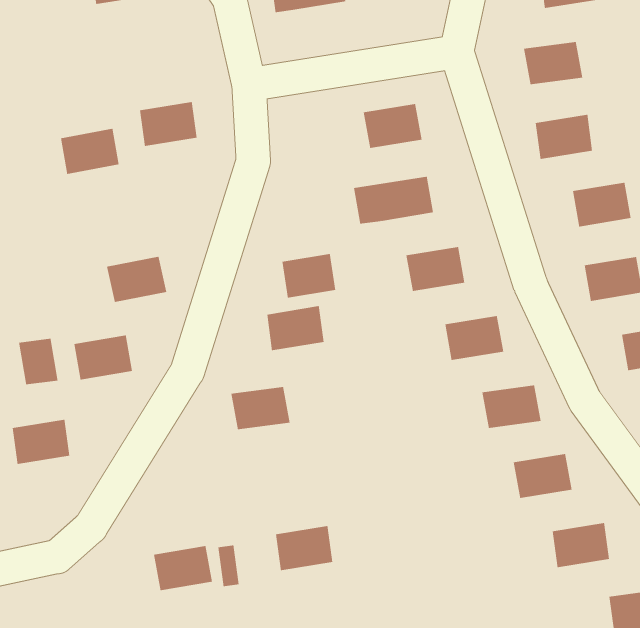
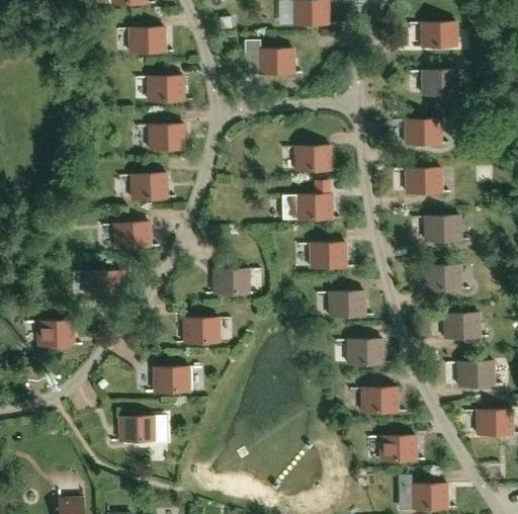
building: none -> [148,76,184,101]
building: [60,128,119,175] -> [131,173,167,199]
building: [282,253,336,299] -> none
building: [19,338,58,385] -> none
building: [275,526,333,571] -> [154,367,189,393]

